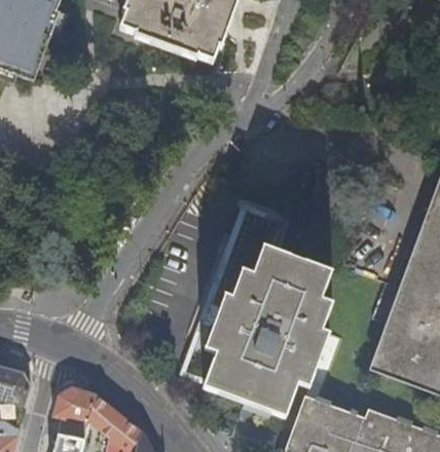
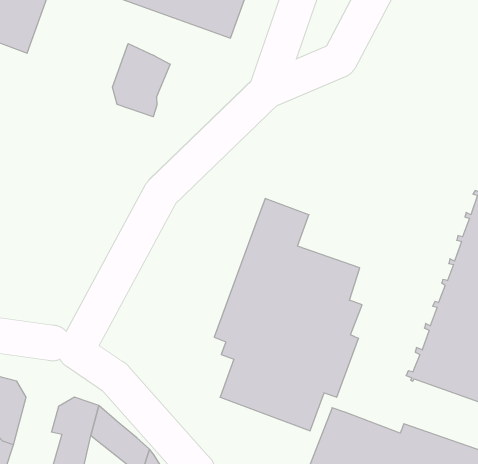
building: none -> [112,44,170,117]

